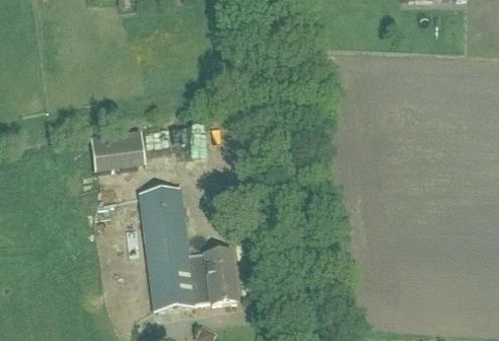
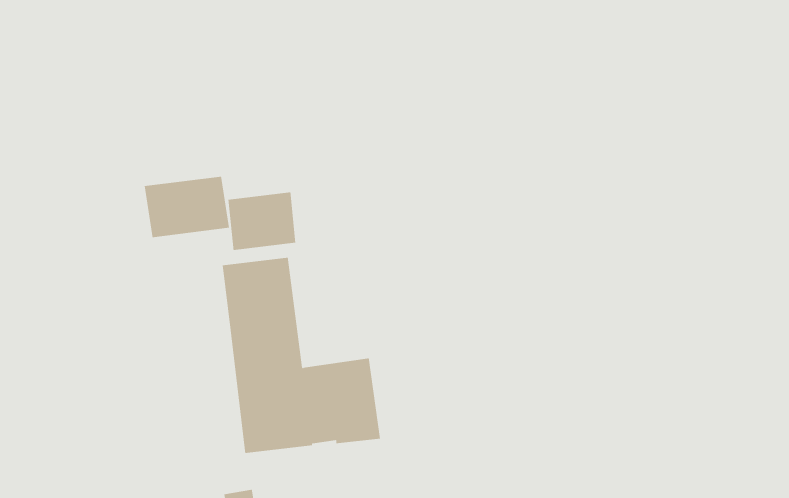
building: none -> [228,191,296,251]

